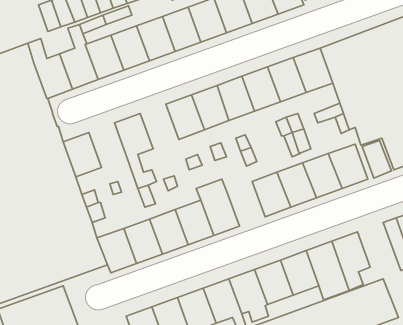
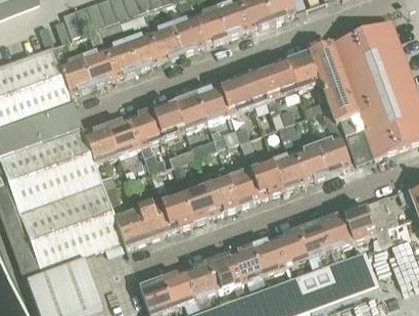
building: none -> [152,99,186,138]
building: none -> [107,116,141,154]
building: none -> [228,157,262,206]
building: none -> [342,202,376,241]

